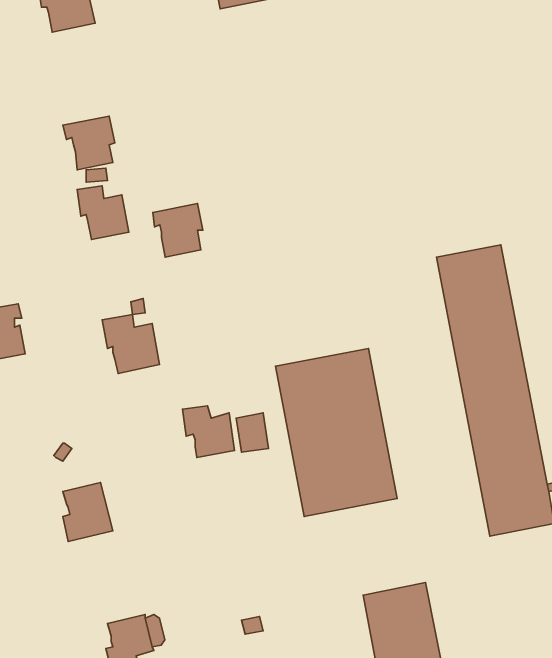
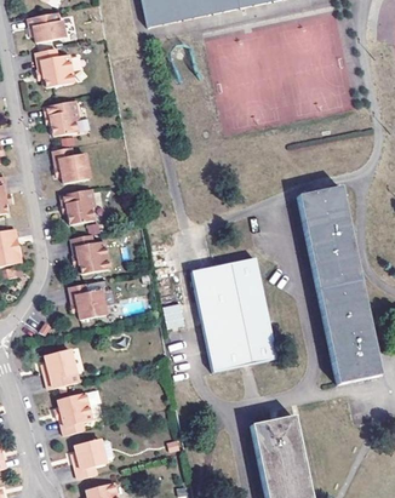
building: none -> [38,48,76,87]
building: [153,203,203,257] -> [63,188,97,224]
building: [183,406,234,458] -> [73,282,108,317]
building: none -> [59,388,103,434]

